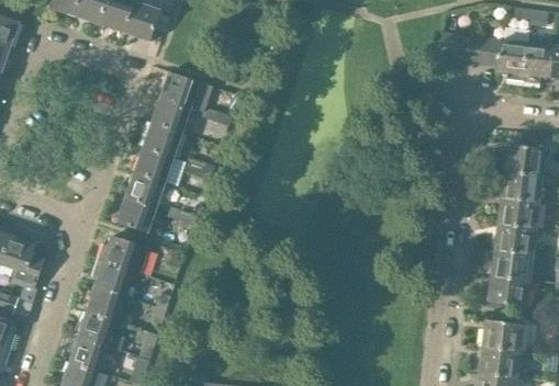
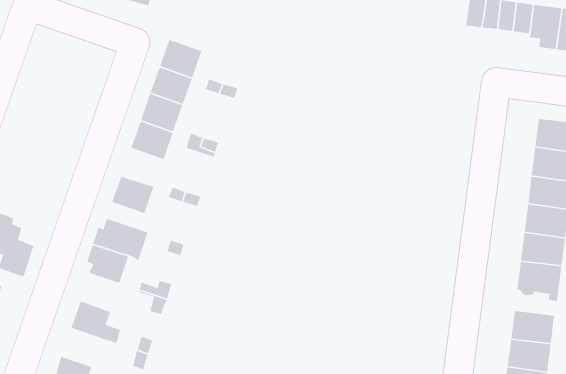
building: [125,172,165,207] -> none
building: [88,286,124,321] -> none
building: [70,337,108,372] -> none

